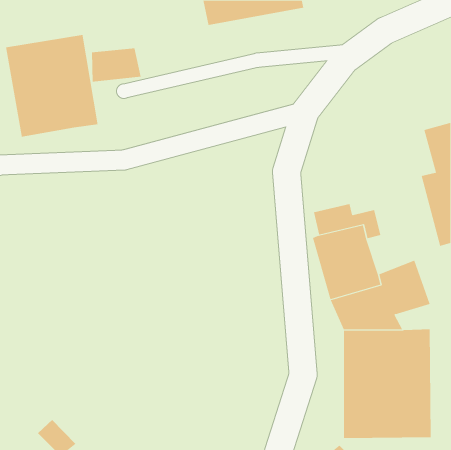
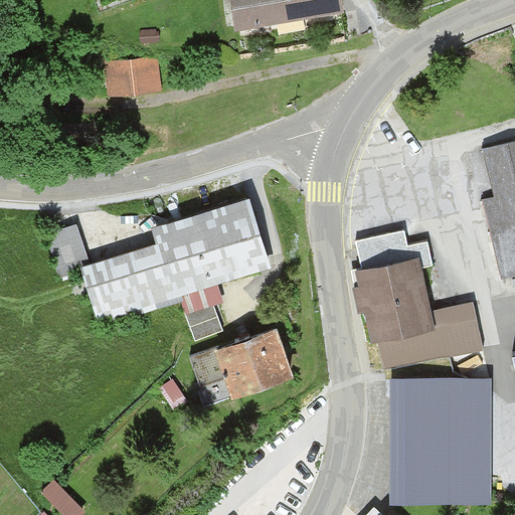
building: [6,34,98,137] -> none
building: none -> [45,198,271,337]
building: none -> [188,328,296,396]

